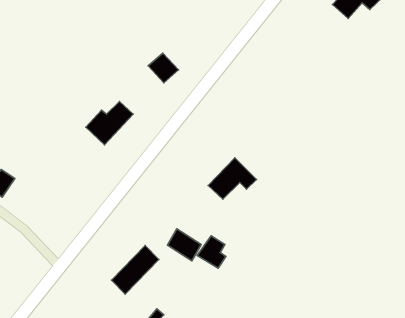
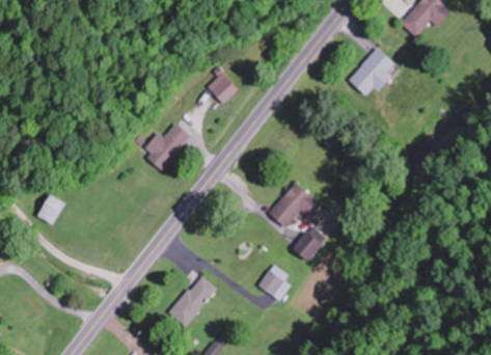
building: none -> [349,48,397,97]
building: none -> [294,225,326,260]
building: [167,229,201,261] -> none

